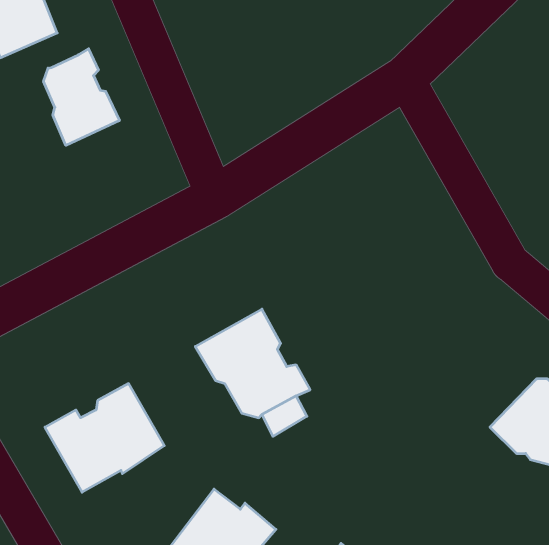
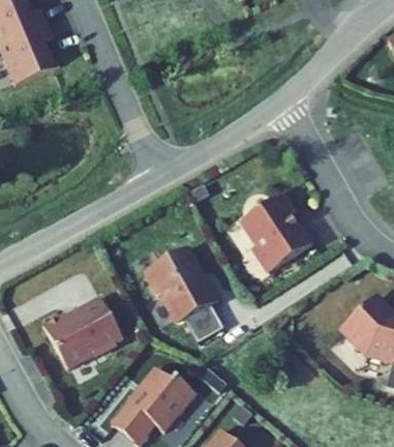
building: [44,49,119,145] -> none
building: none -> [242,193,314,272]

